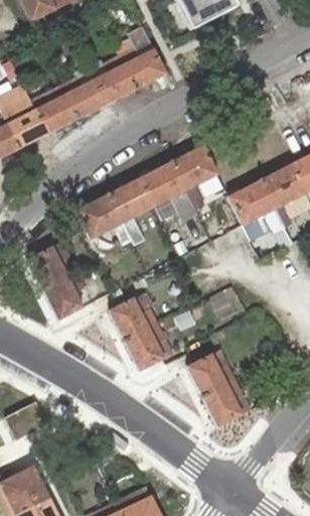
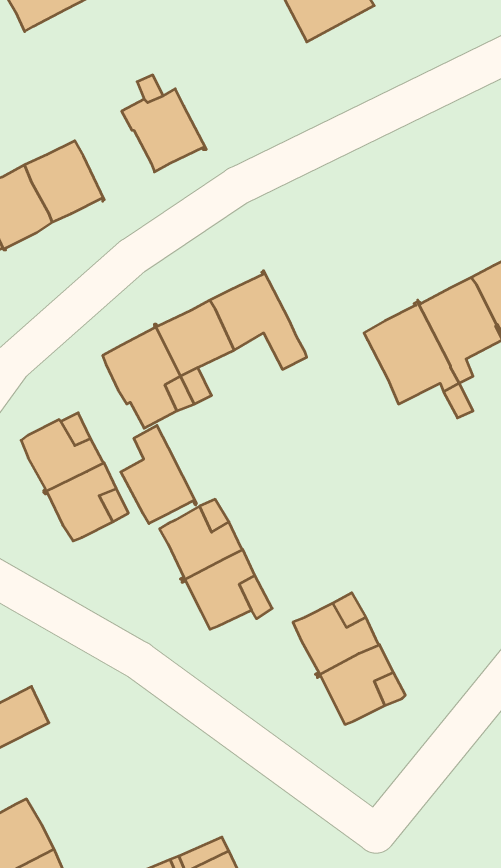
building: [120,46,166,90] -> none
building: [61,68,108,119] -> none
building: [171,145,218,208] -> none
building: none -> [121,425,196,524]

